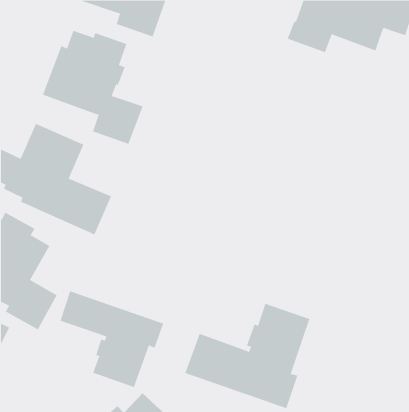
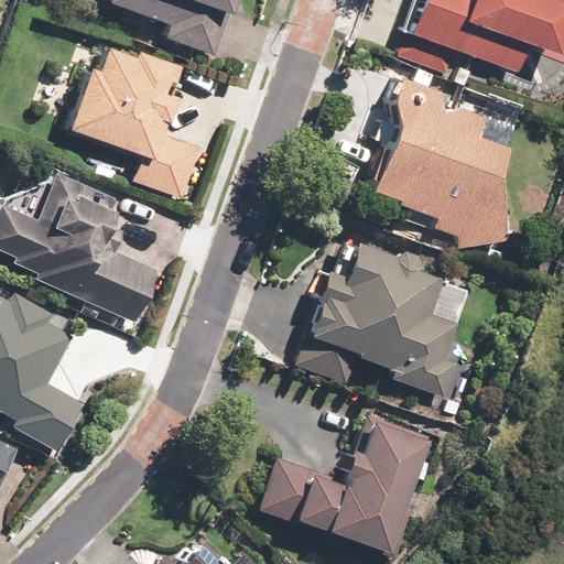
building: none -> [369,74,509,249]
building: none -> [294,239,458,398]
building: [60,290,164,388] -> none

